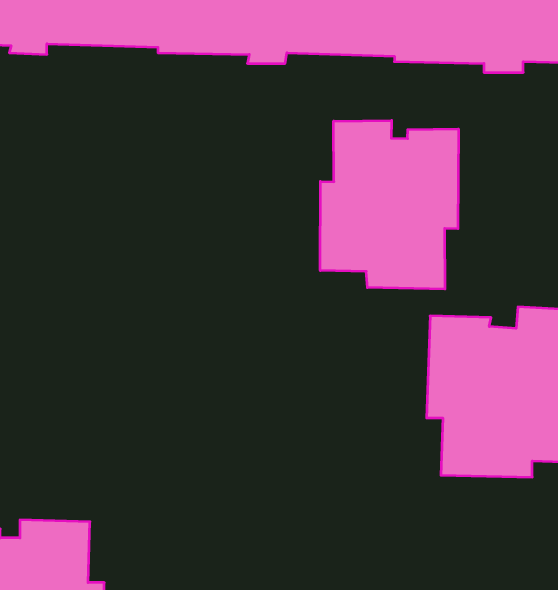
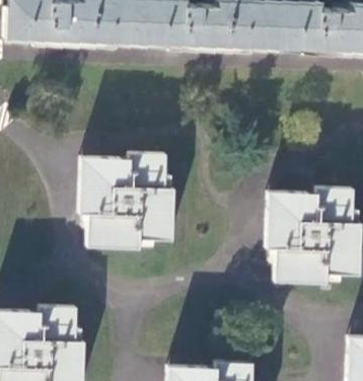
building: [320,120,458,289] -> none
building: none -> [75,153,172,250]

